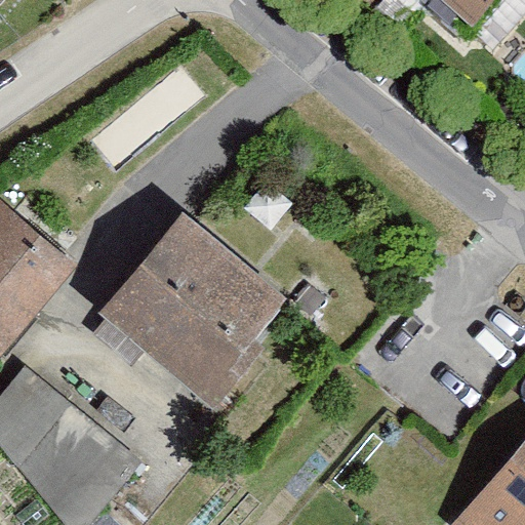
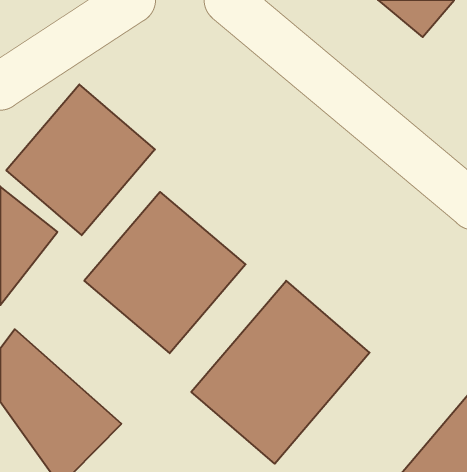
building: none -> [6,84,155,235]
building: none -> [191,281,370,464]

